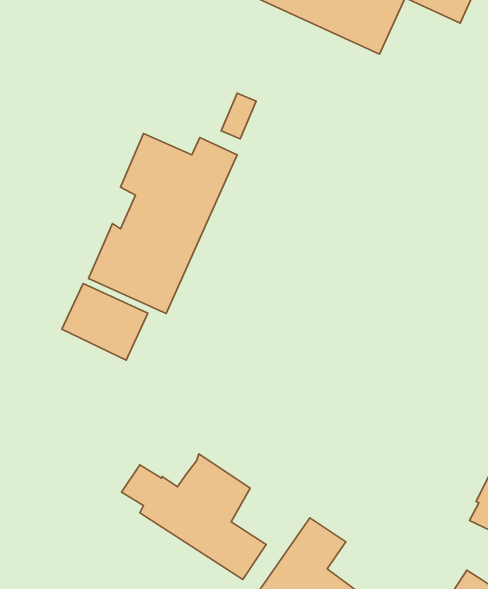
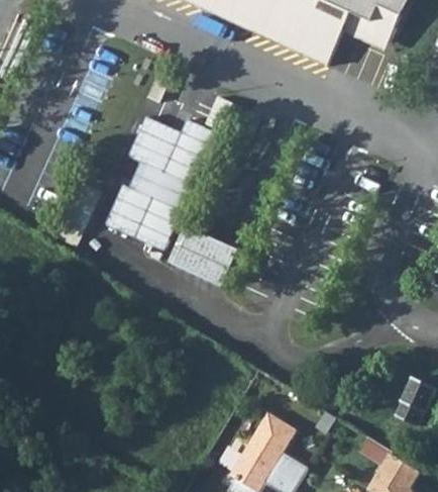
building: [62,283,148,360] -> [174,230,238,288]
building: [122,454,266,580] -> none

